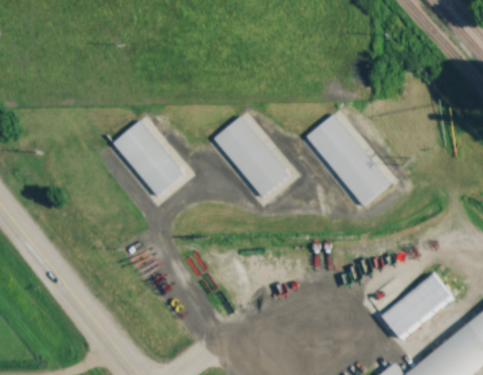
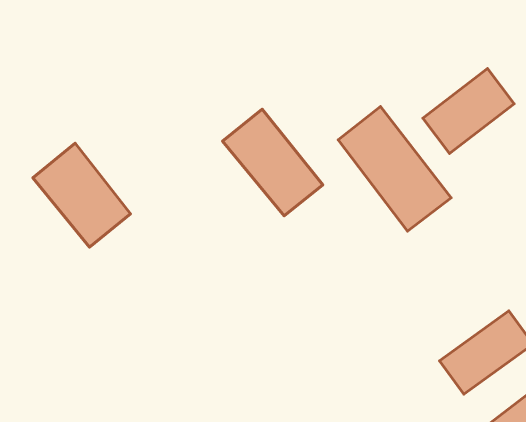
building: none -> [423,69,514,153]
building: [110,116,187,198] -> [33,143,130,247]

